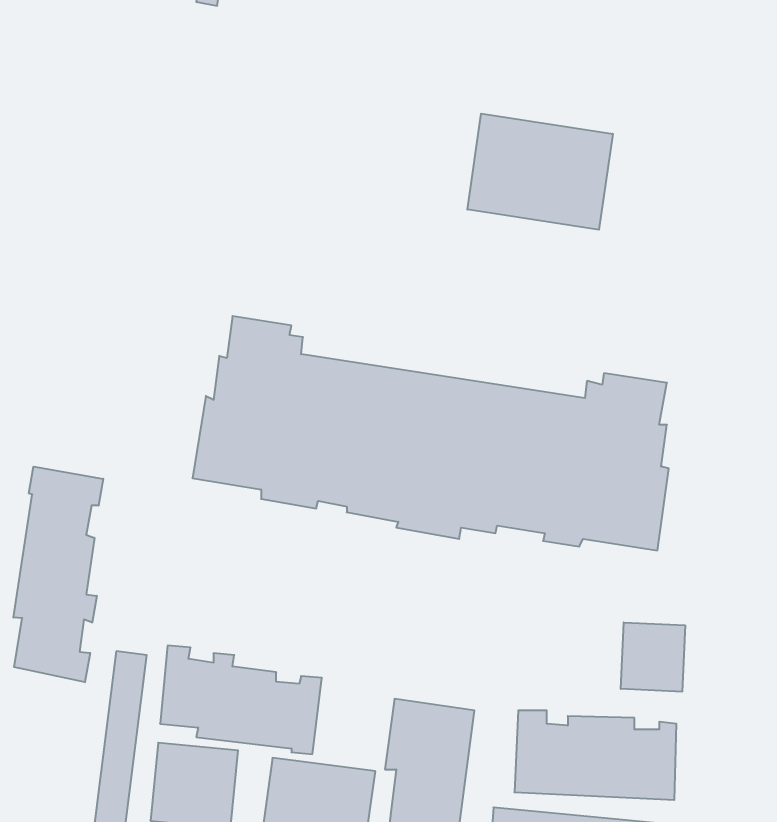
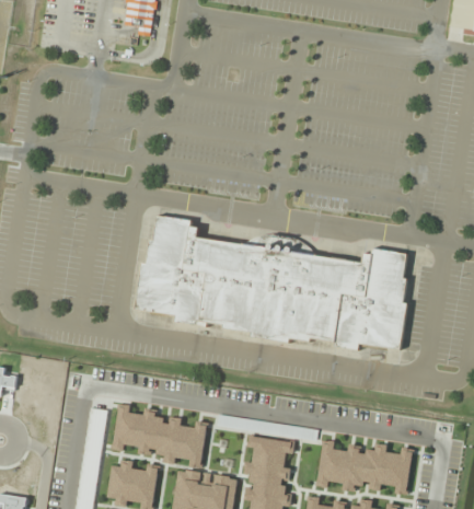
building: [467,114,613,230] -> none
building: [13,467,103,682] -> none
building: [621,622,685,692] -> none

